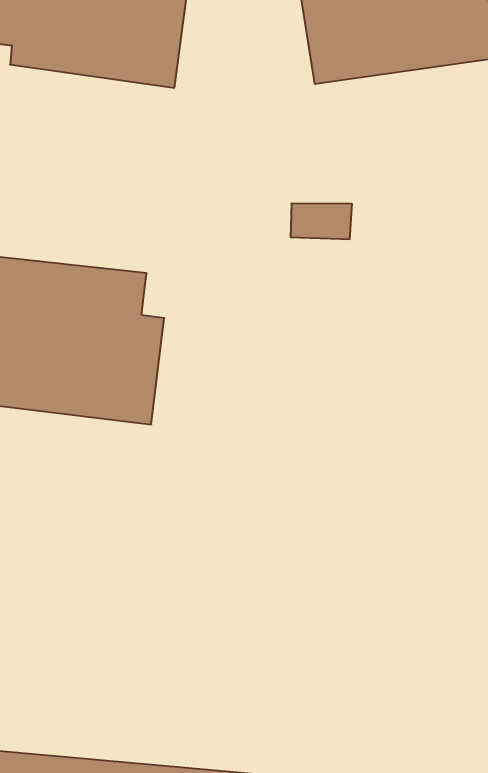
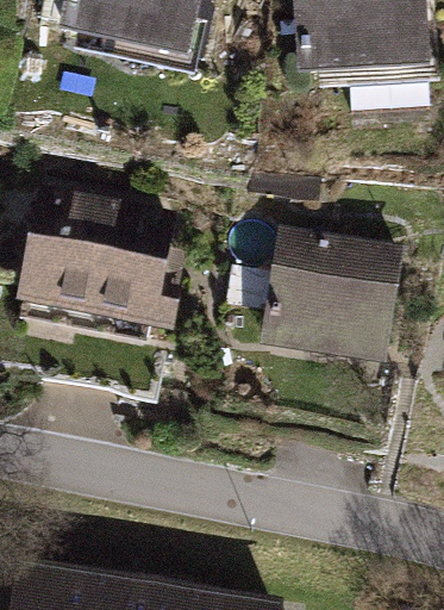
building: none -> [262,225,407,367]

